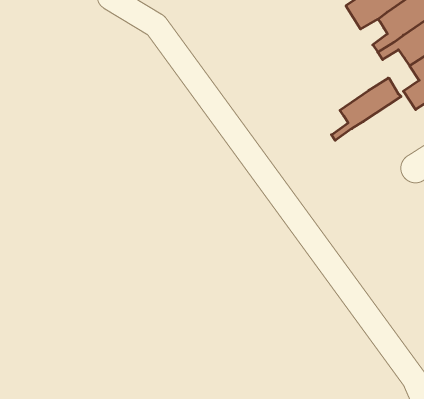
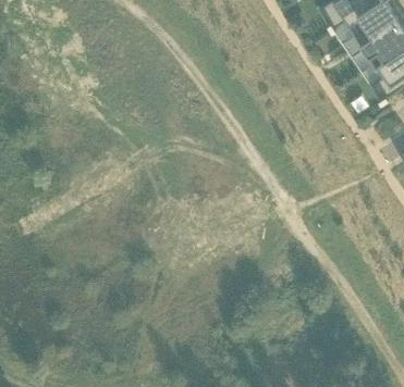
building: [331,78,401,140] -> none

